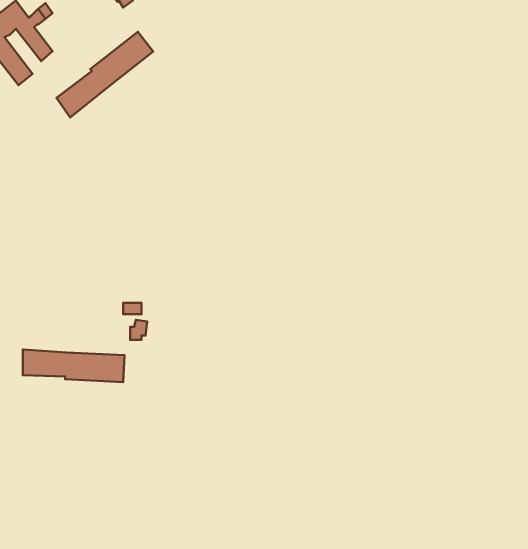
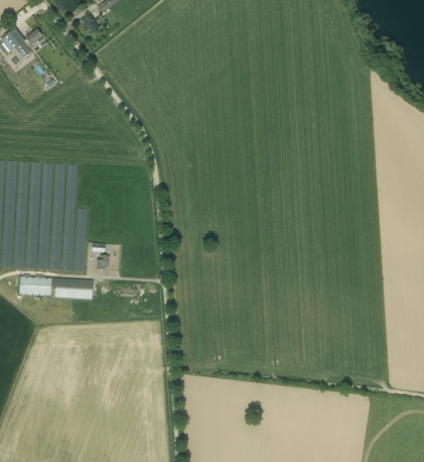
building: [57,32,153,117] -> none

